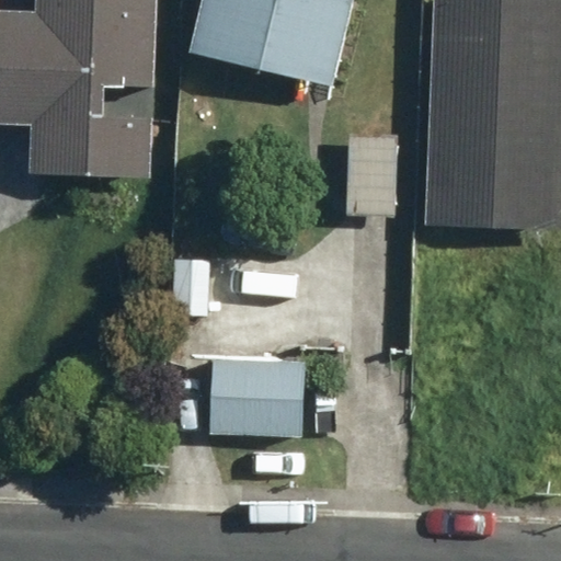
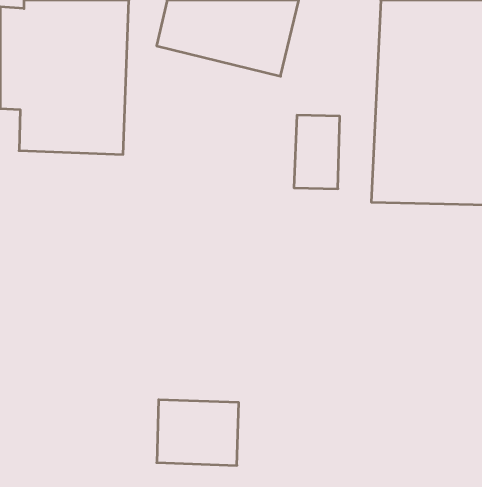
building: [207,355,301,431] -> [157,400,239,465]

